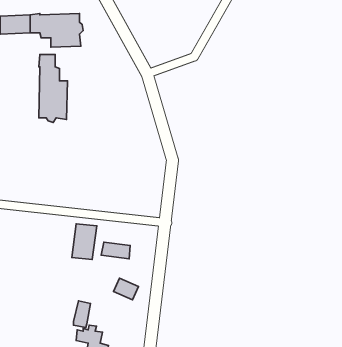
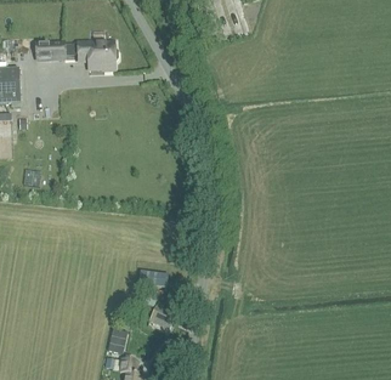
building: [39,55,68,122] -> none
building: [72,224,97,259] -> none

